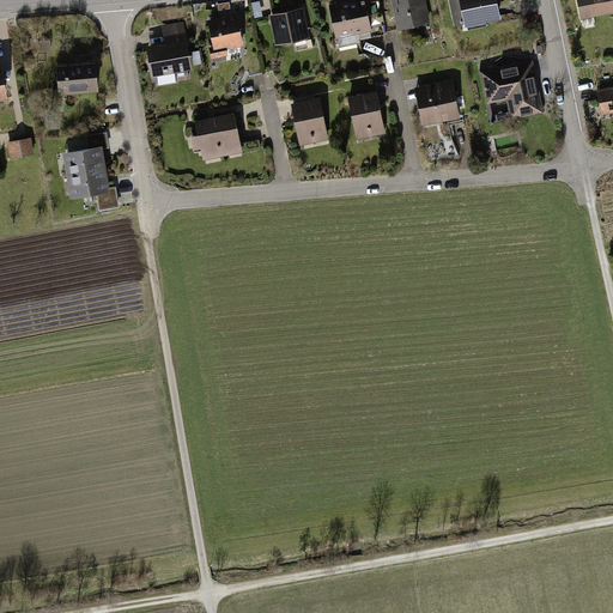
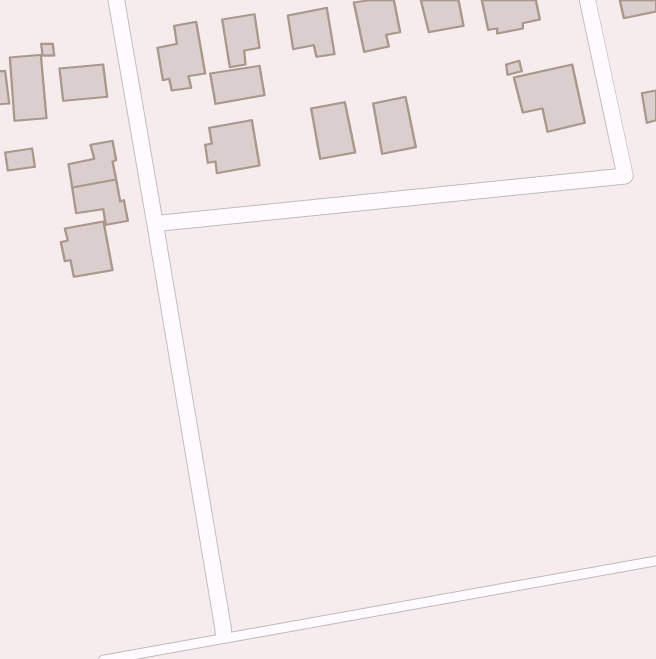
building: none -> [10,55,47,121]
building: none -> [210,66,264,104]
building: [413,80,457,132] -> none
building: none -> [61,222,112,277]

